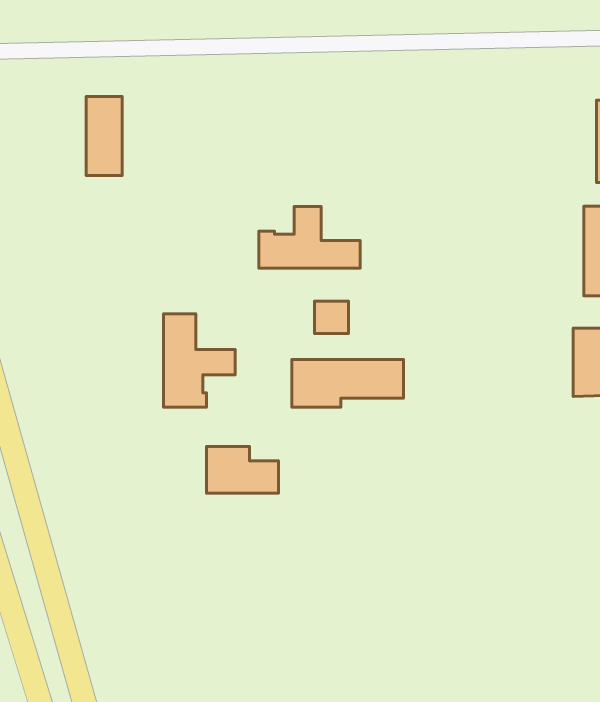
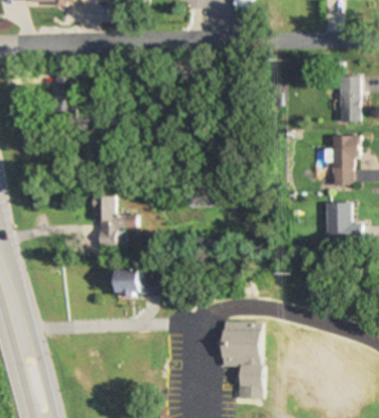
building: [259,207,360,268] -> none
building: [292,360,403,407] -> none
building: none -> [225,321,265,399]

